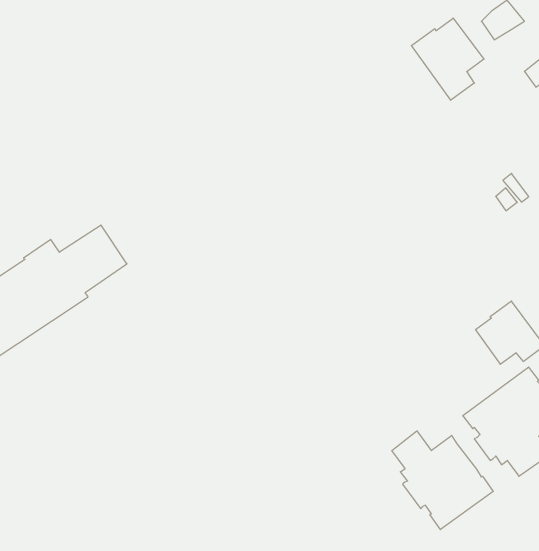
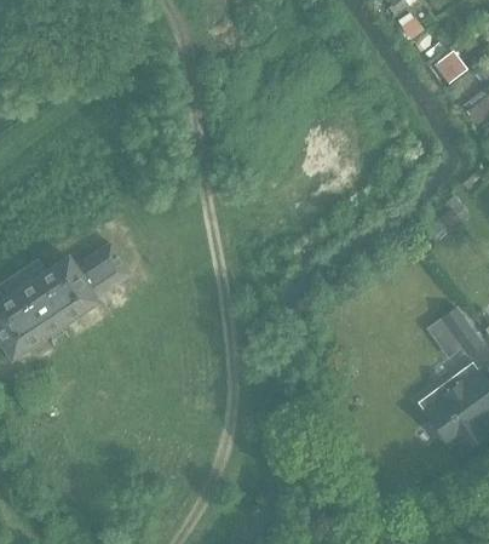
building: [411,18,484,100] -> none
building: [392,431,493,530] -> none

